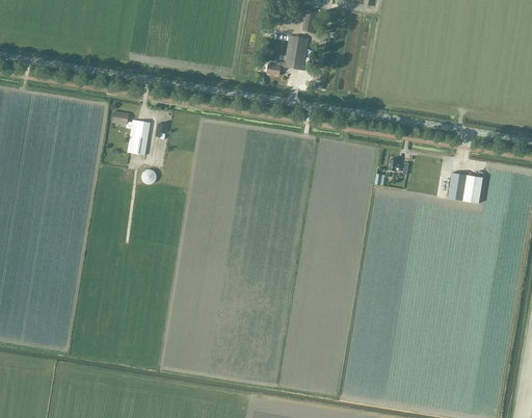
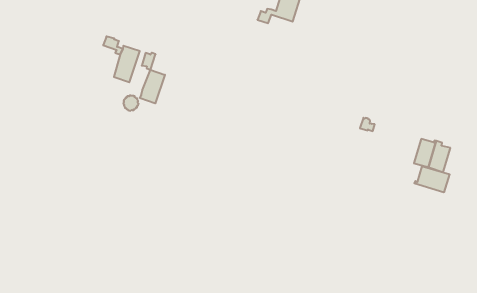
building: none -> [140,70,165,103]
building: none -> [414,166,450,192]

